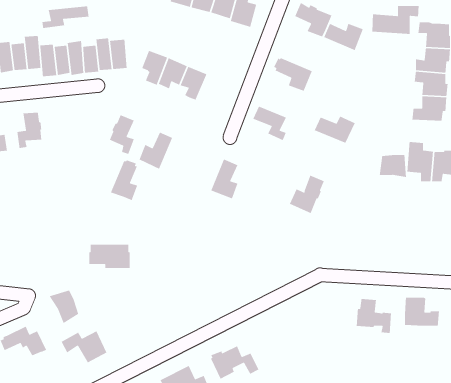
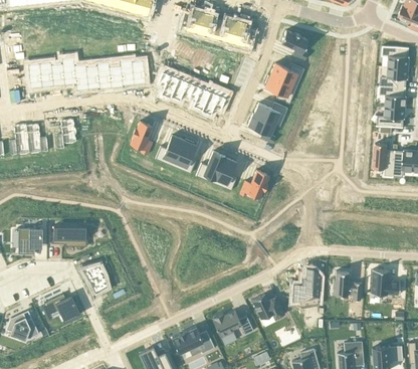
building: [372,5,419,35] -> none
building: [41,5,90,29] -> none
building: [323,23,364,51] -> [271,63,304,86]
building: none -> [202,86,229,116]
building: [313,115,356,144] -> [253,103,288,126]
building: none -> [197,152,225,184]
building: [379,154,407,178] -> none
building: [110,159,138,201] -> [173,140,196,174]
building: [289,175,325,214] -> [240,170,269,202]
building: [89,244,130,269] -> [53,226,87,246]
building: none -> [293,267,321,302]
building: none -> [252,294,285,319]
building: [60,330,108,363] -> none

